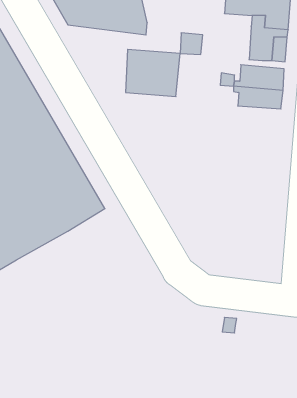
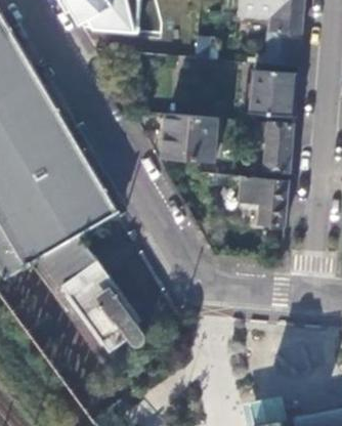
building: [126,49,180,97] -> [164,114,218,161]
building: none -> [250,121,292,172]
building: none -> [240,176,288,225]
building: none -> [30,235,144,349]

